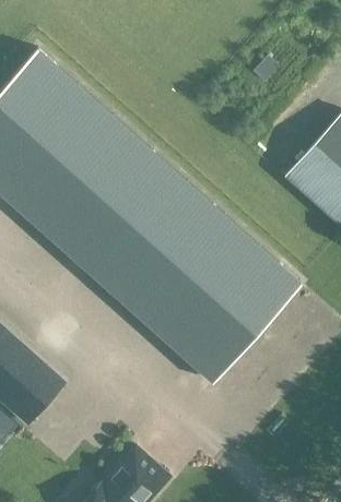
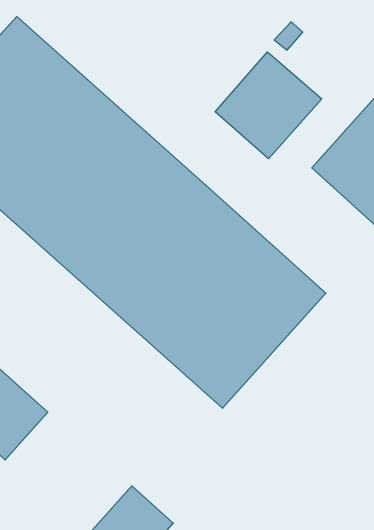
building: none -> [215,52,322,159]

